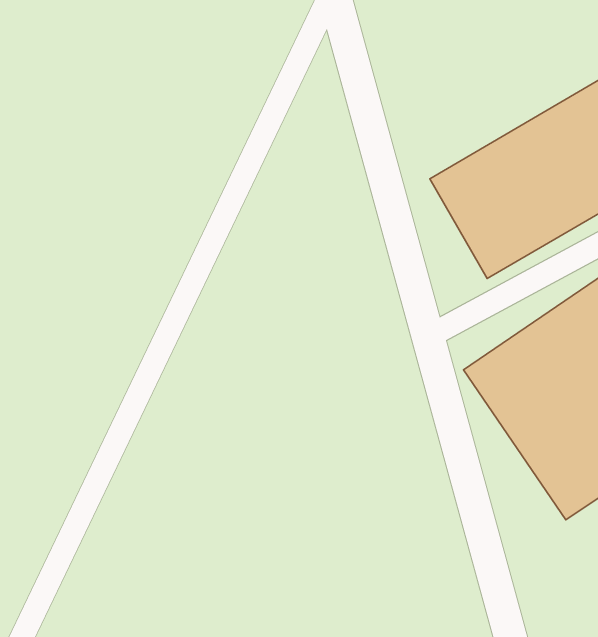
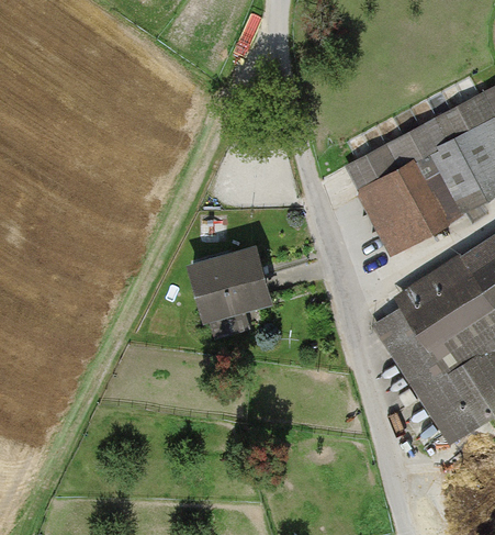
building: none -> [191,254,263,319]

